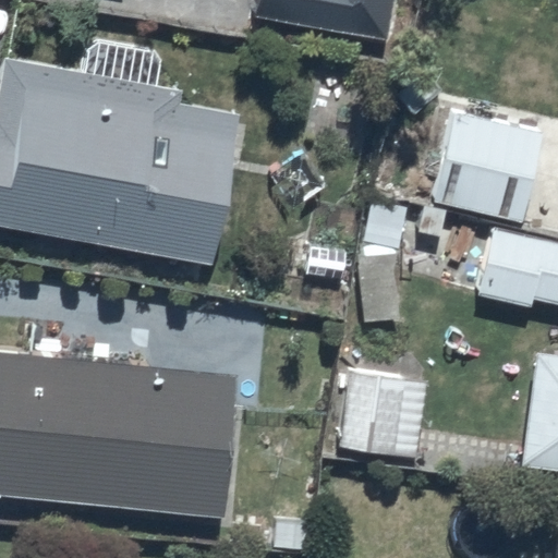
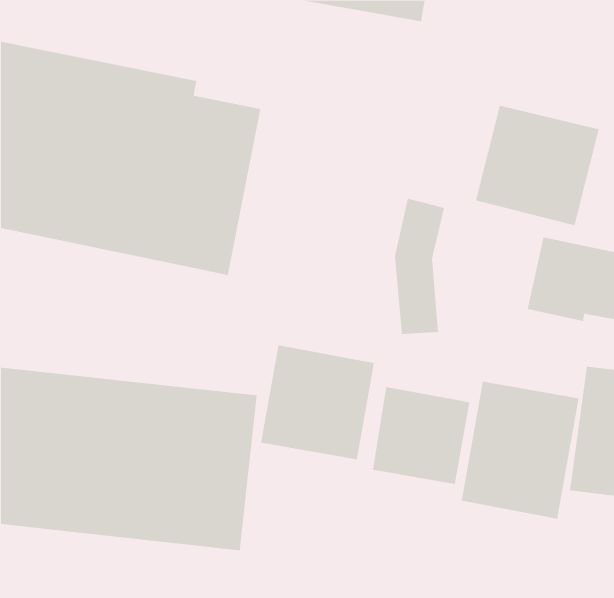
building: none -> [261,344,375,460]
building: none -> [461,381,579,520]

